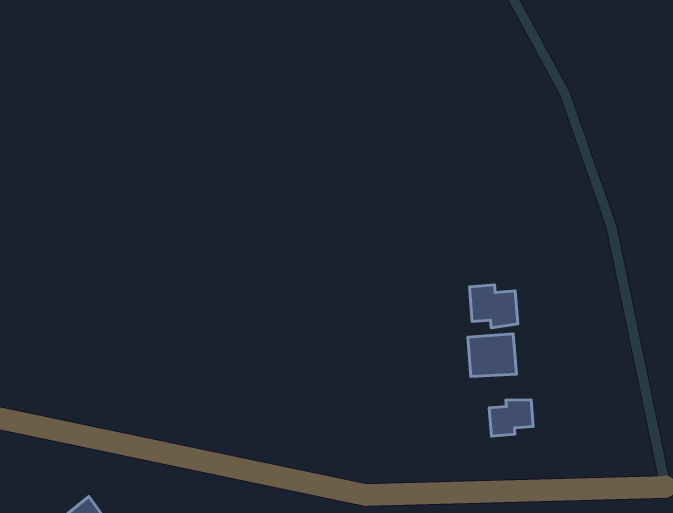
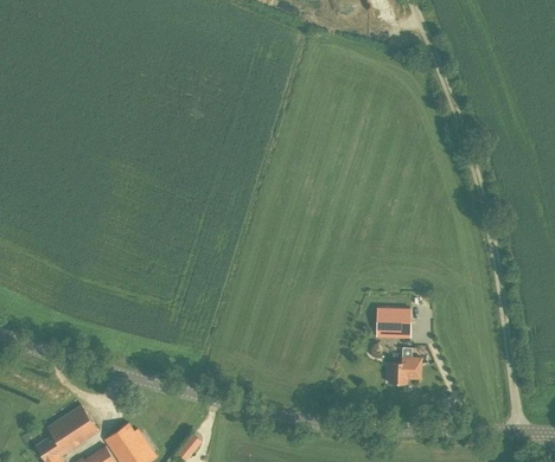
building: [469,285,518,328] -> none

